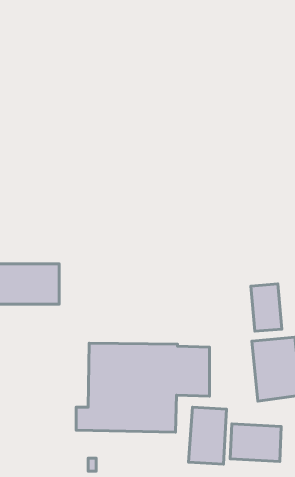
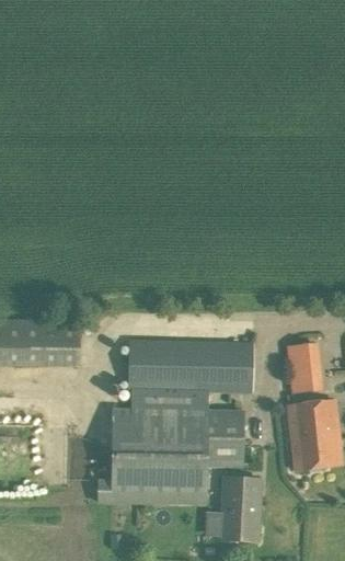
building: none -> [128,339,253,391]
building: [230,424,281,462] -> none

